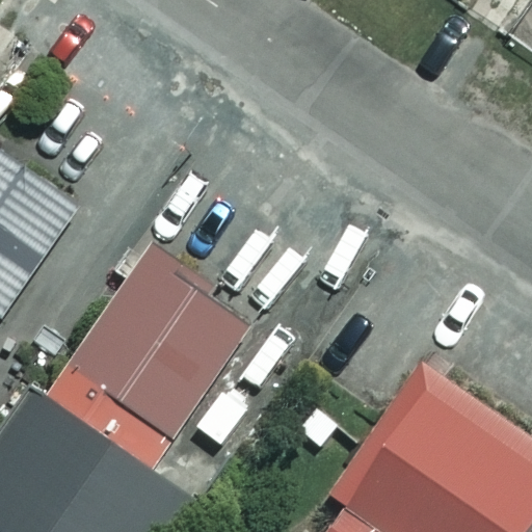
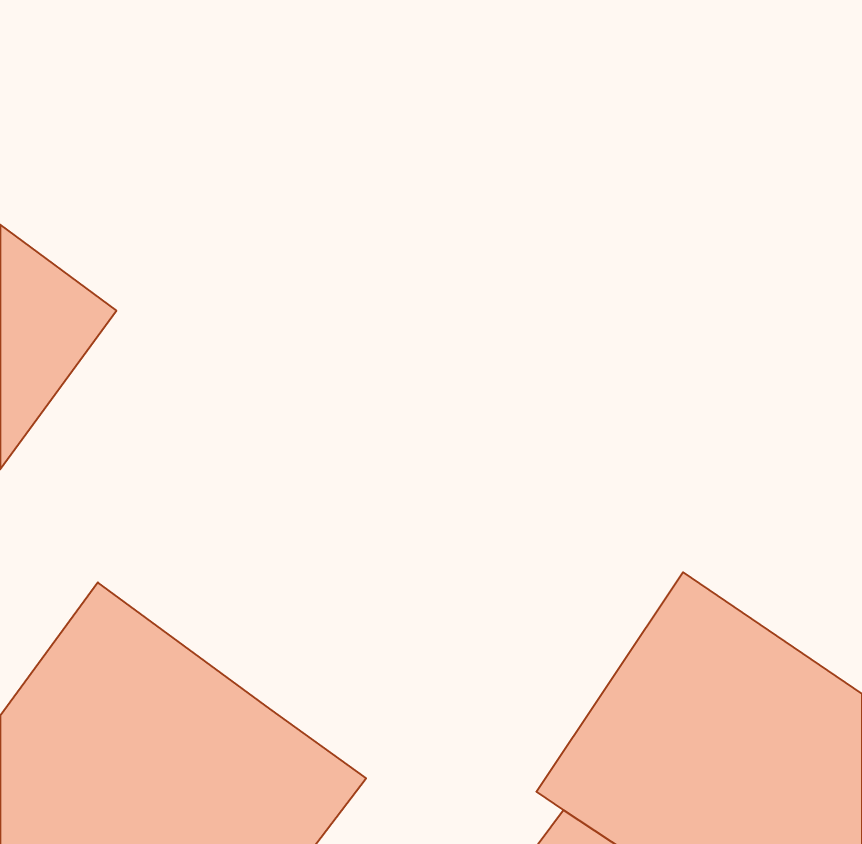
building: [60,254,251,448] -> none

